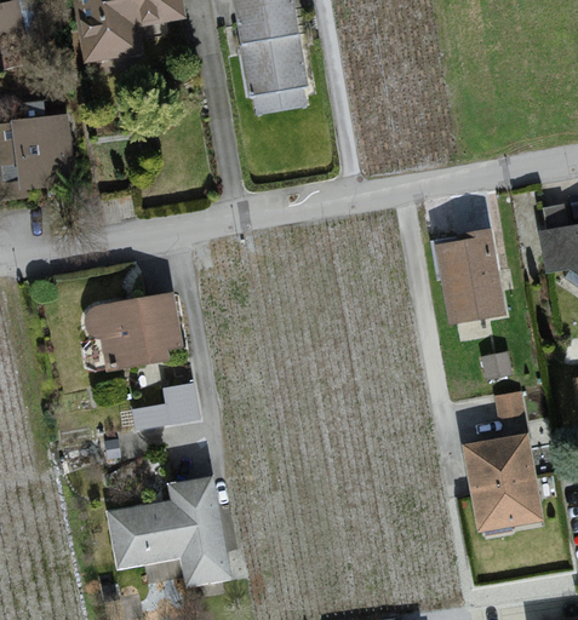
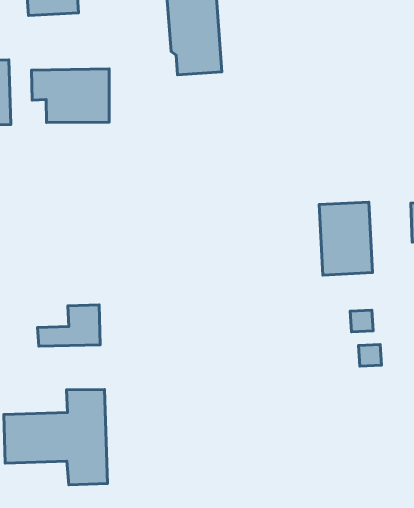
building: none -> [32,69,109,122]
building: [91,289,183,361] -> none
building: [463,431,542,528] -> none

